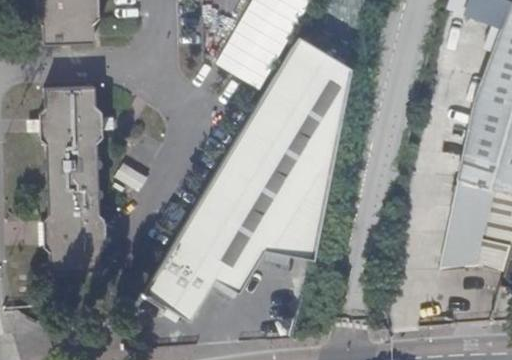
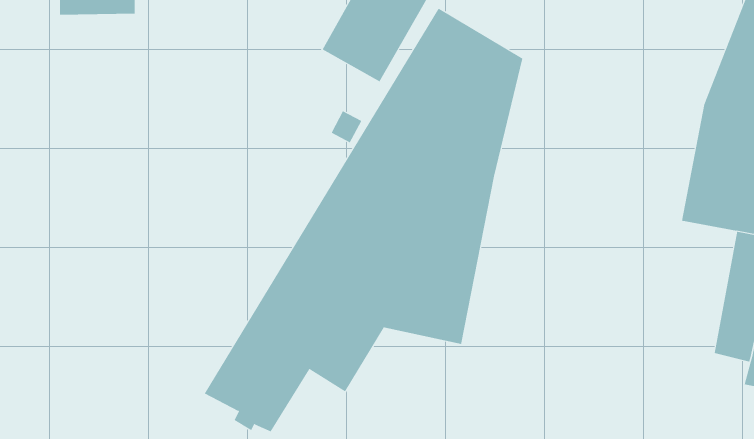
building: [31,84,108,271] -> none
building: [441,179,497,270] -> none

